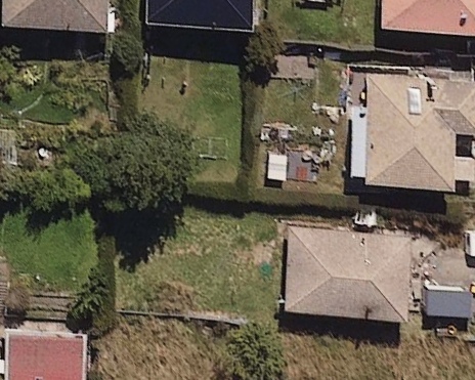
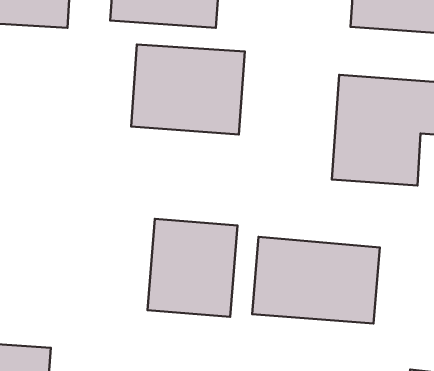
building: none -> [131,45,245,135]
building: none -> [147,219,237,317]

